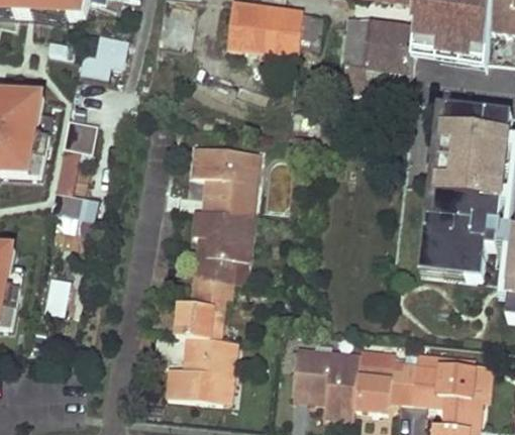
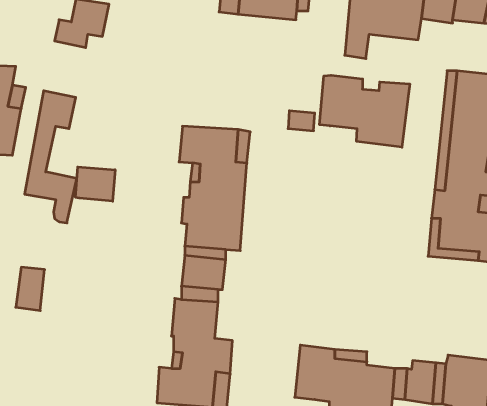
building: none -> [320,75,410,147]
building: none -> [76,167,115,201]

